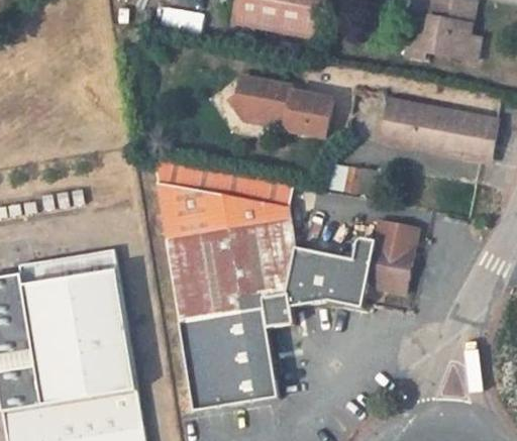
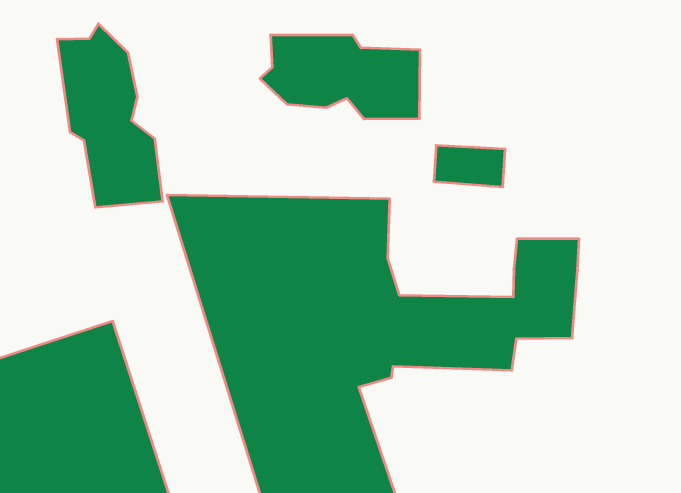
building: none -> [57,24,163,207]
building: [379,94,500,159] -> none

